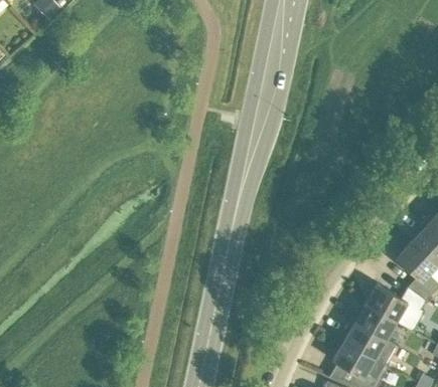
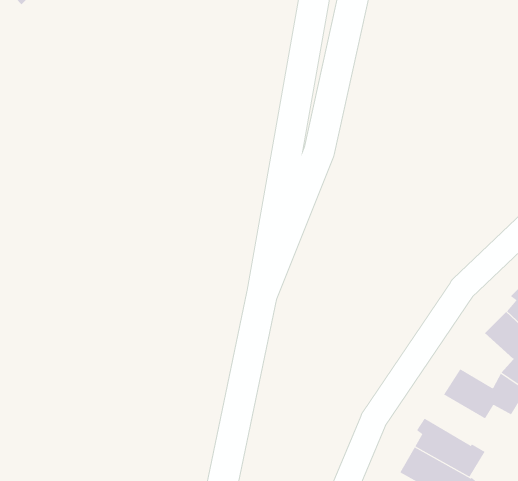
building: [351,303,397,340] -> none

